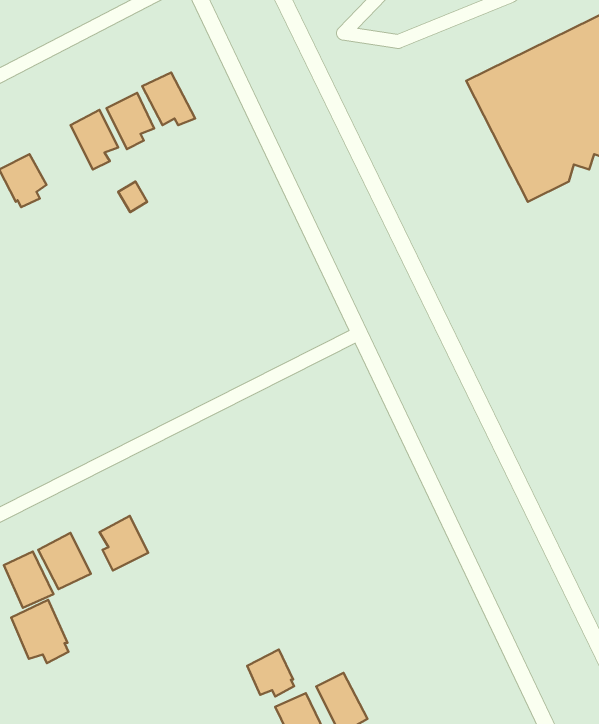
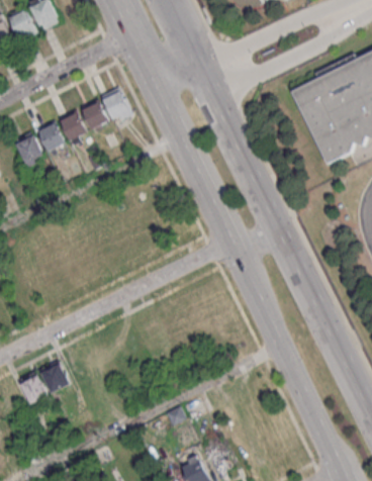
building: none -> [34,119,64,156]
building: [99,516,148,570] -> none
building: [11,600,69,663] -> none
building: [247,650,294,696] -> none

